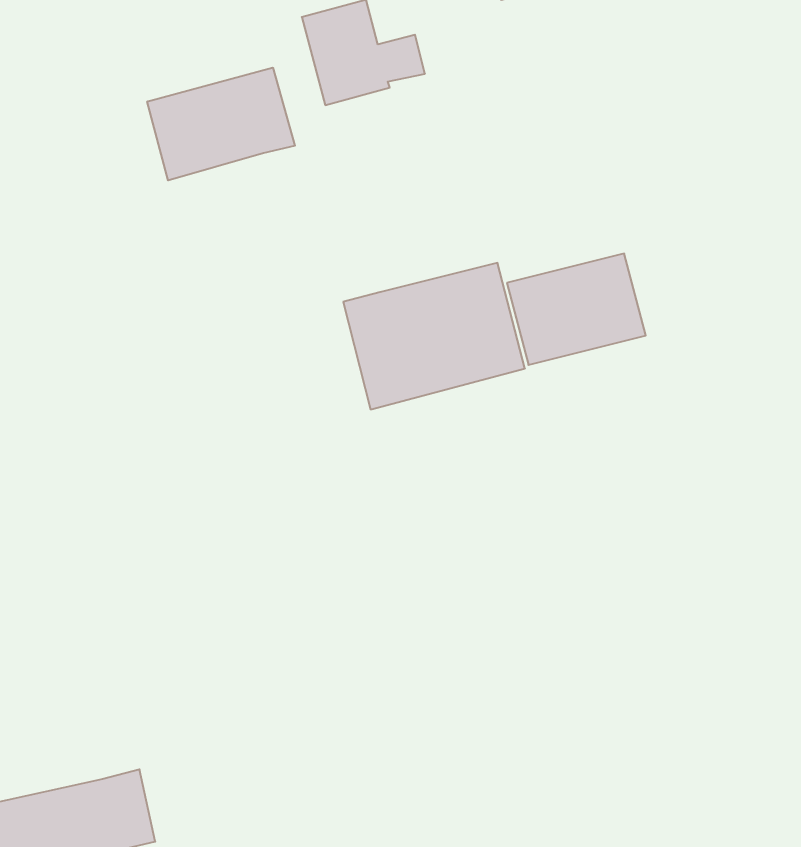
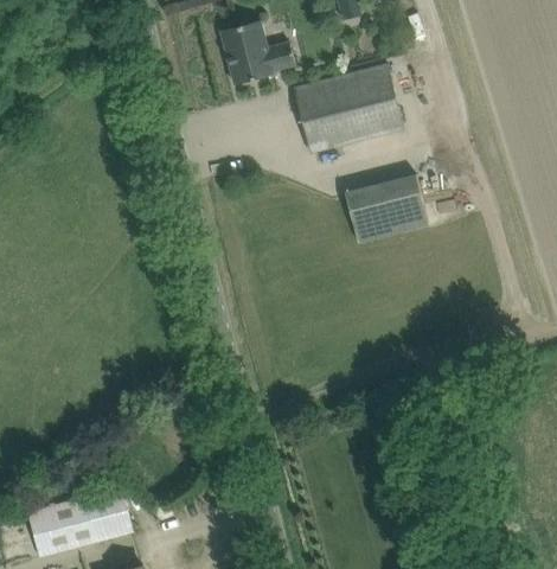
building: [147,68,295,180] -> none
building: [343,263,525,409] -> [294,64,404,153]

